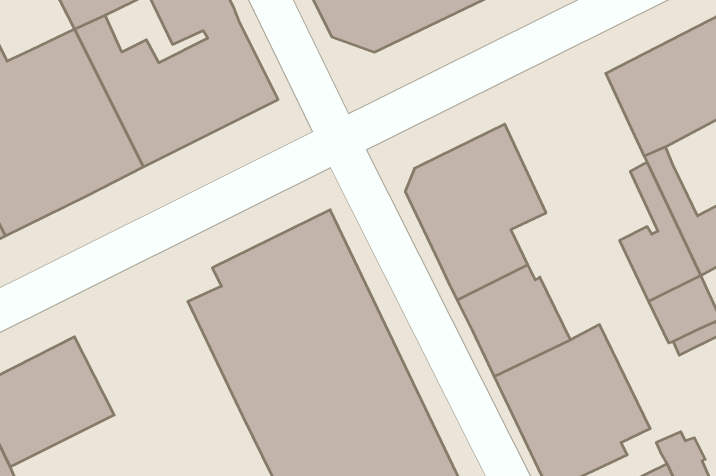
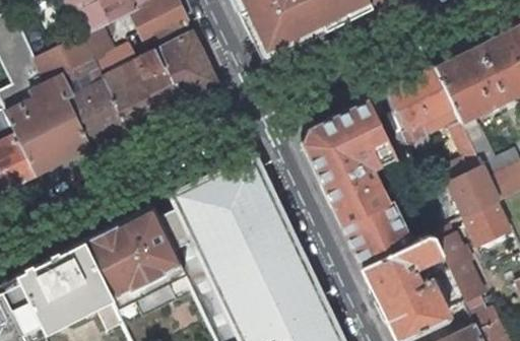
building: none -> [389,66,457,164]
building: none -> [85,206,197,328]
building: none -> [434,224,488,311]

